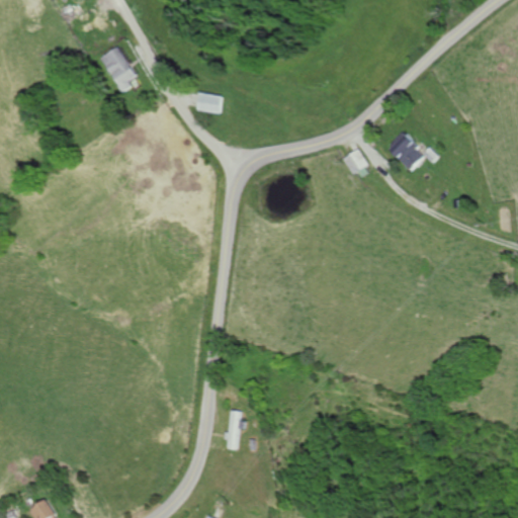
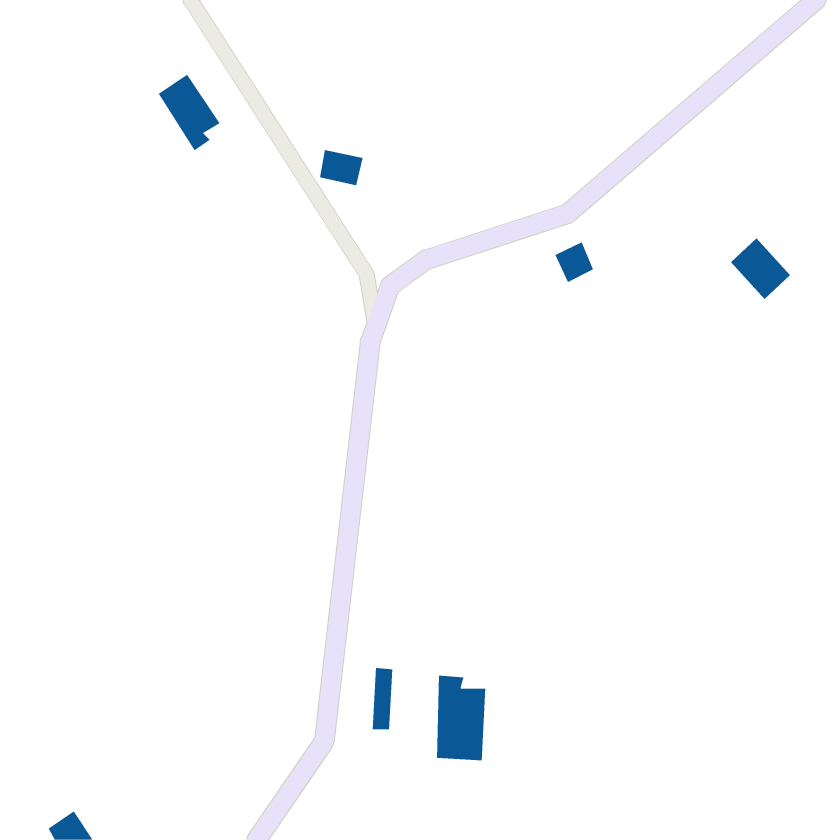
building: [390,133,427,171] -> [730,237,791,300]
building: none -> [436,675,486,761]

